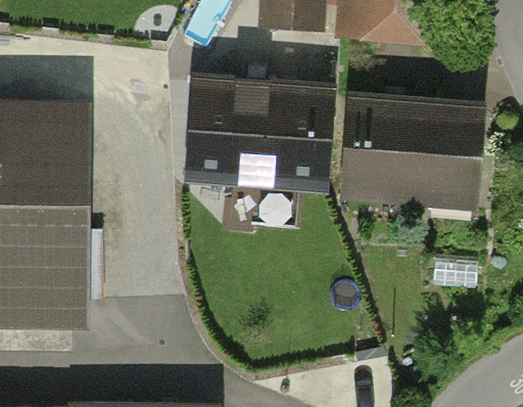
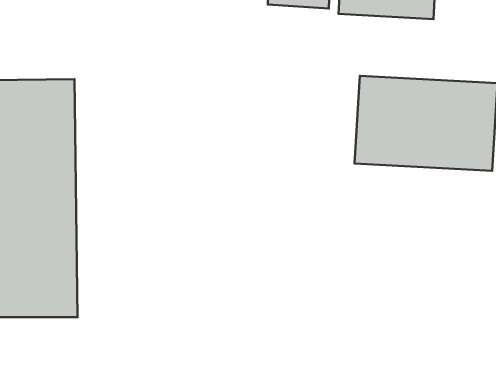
building: [193,75,331,186] -> none

